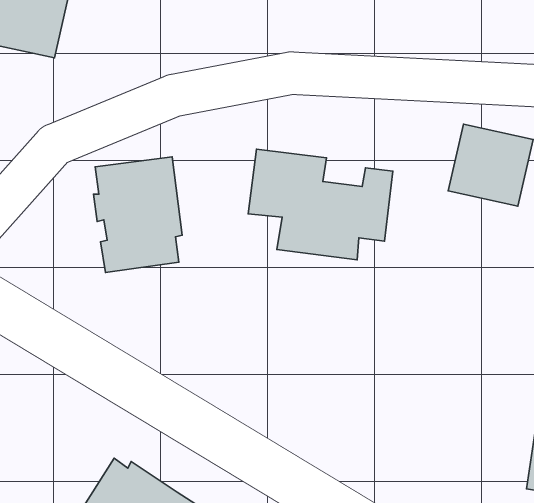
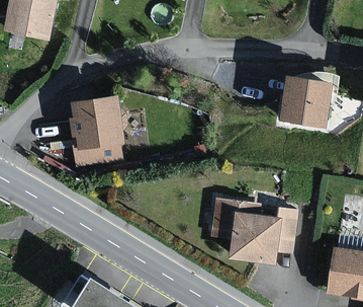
building: [248,149,393,260] -> [211,198,297,263]

